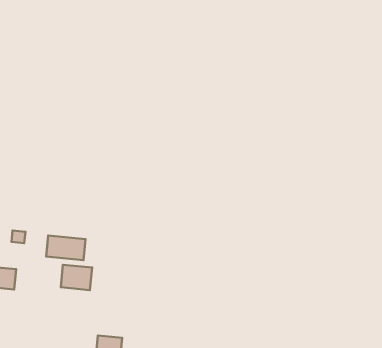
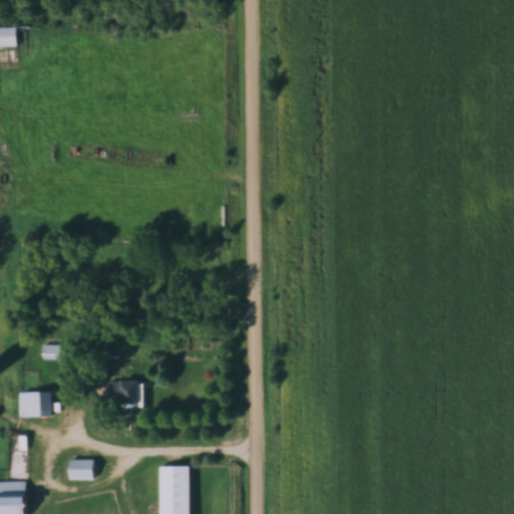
building: [46,236,86,260] -> none
building: none -> [68,459,92,480]

